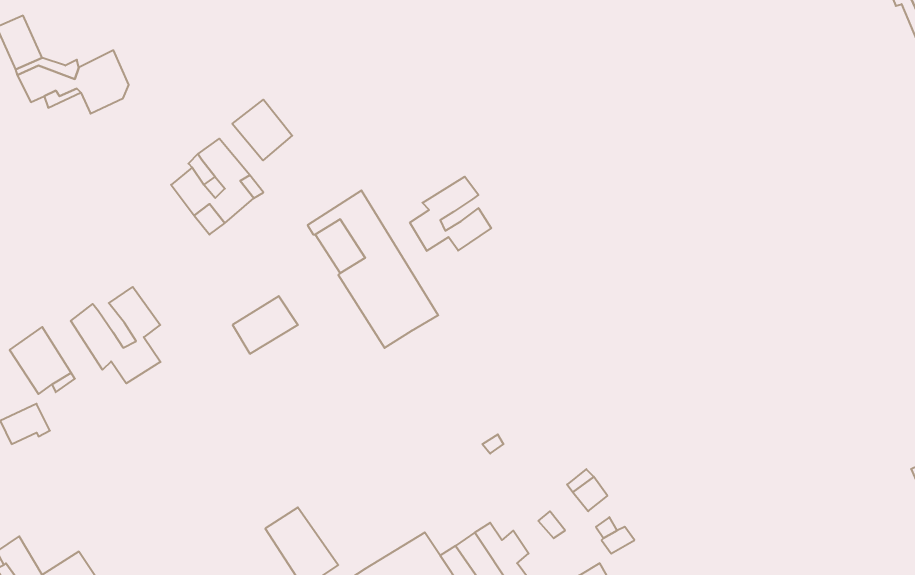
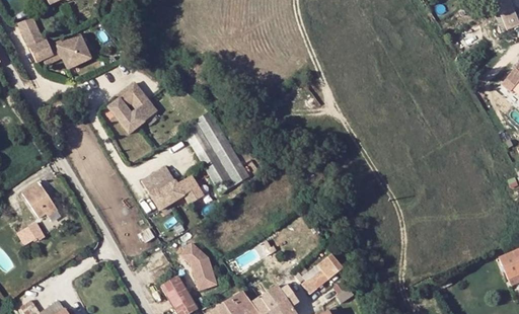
building: [232,100,292,160] -> none
building: [410,177,491,251] -> none
building: [71,287,161,383] -> none
building: none -> [150,174,204,210]
building: none -> [186,240,222,293]

